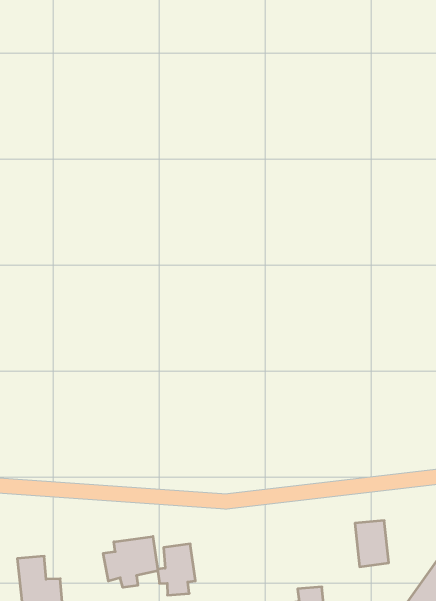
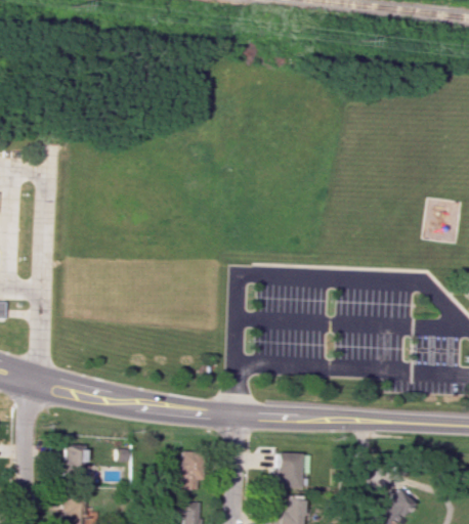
building: [355,521,389,567] -> [279,452,303,487]
building: [103,536,158,587] -> none

